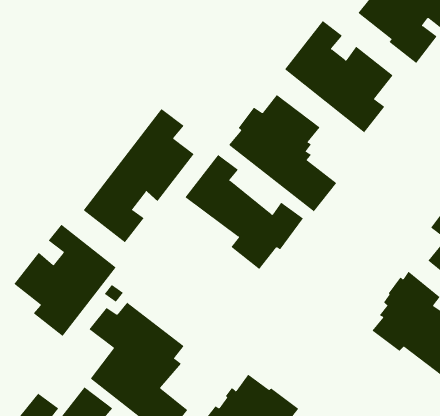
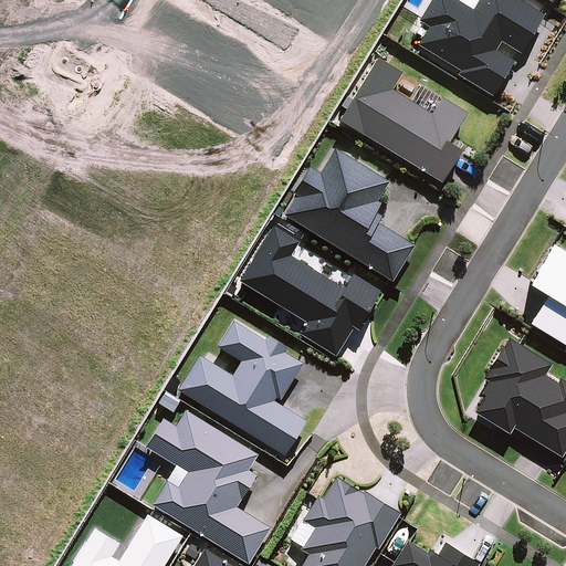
building: [83,108,194,243] -> none
building: [13,224,117,337] -> none
building: none -> [178,322,306,455]

